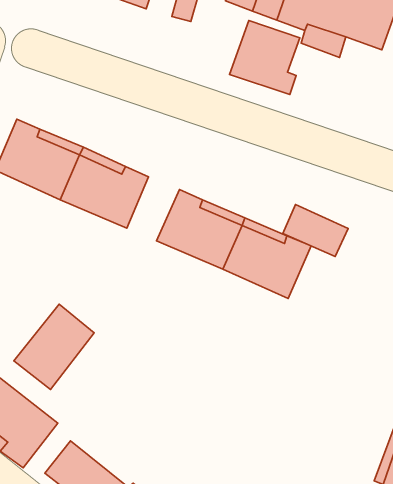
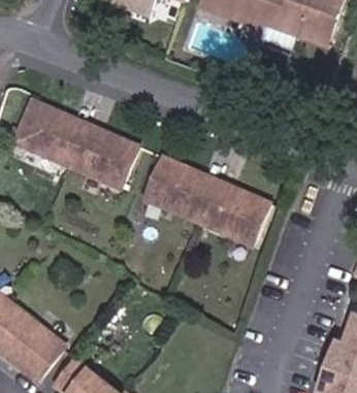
building: [229,21,300,95] -> none
building: [283,205,348,256] -> none
building: [14,304,94,389] -> none

